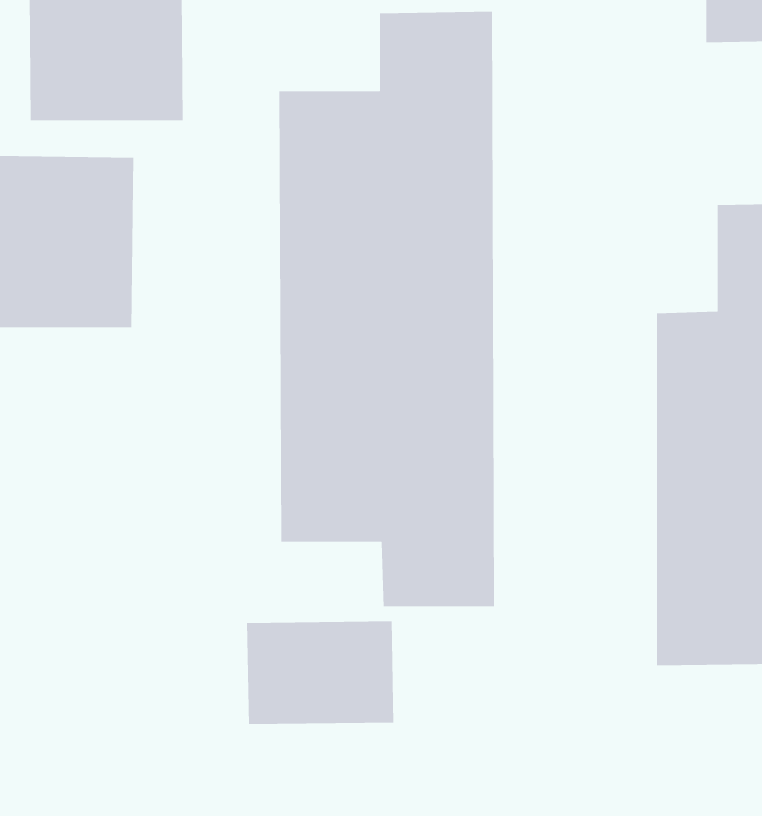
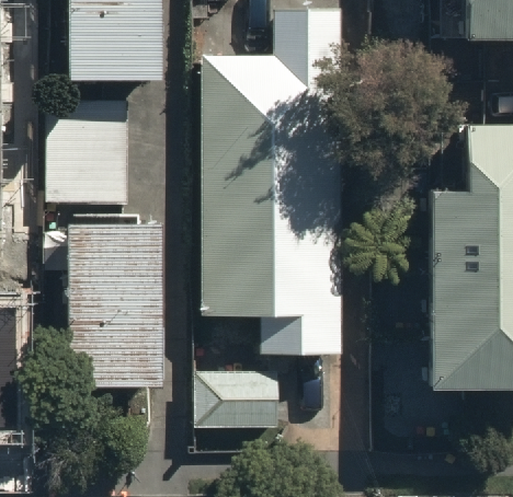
building: none -> [62,227,152,386]

